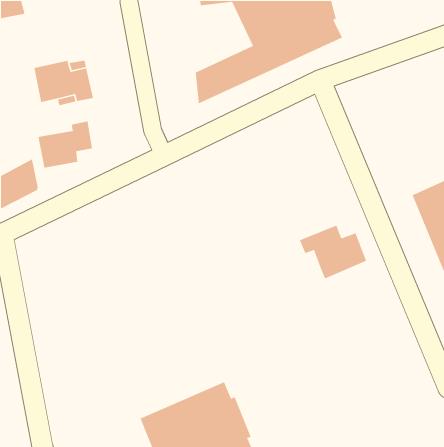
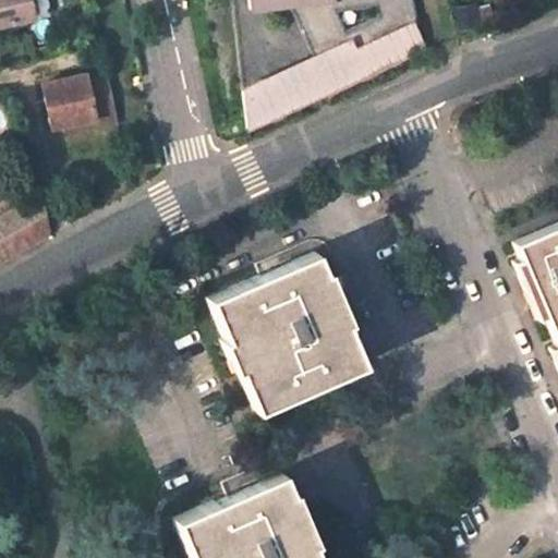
building: [37,121,93,169] -> none
building: none -> [211,254,366,411]
building: [299,224,367,279] -> none

